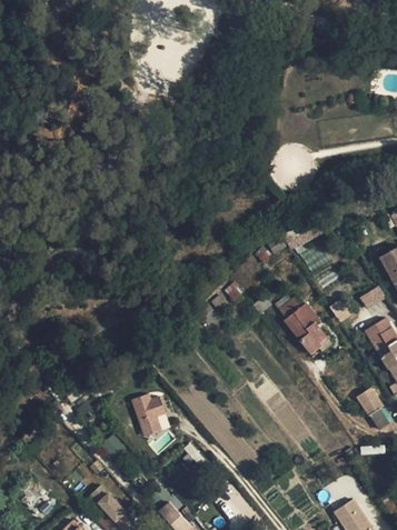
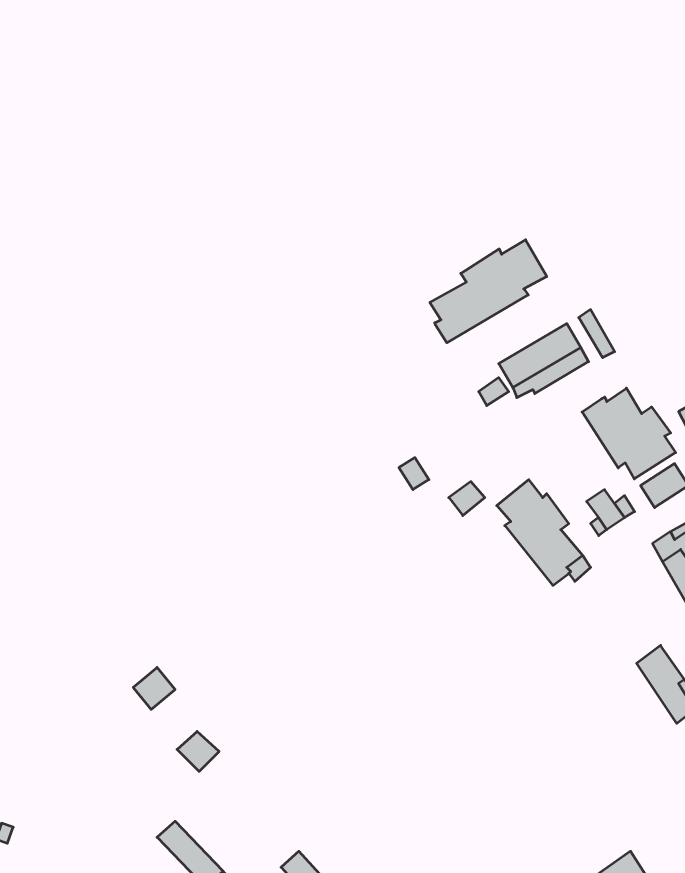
building: none -> [430,240,547,343]
building: none -> [582,388,676,479]
building: [130,396,163,437] -> none

